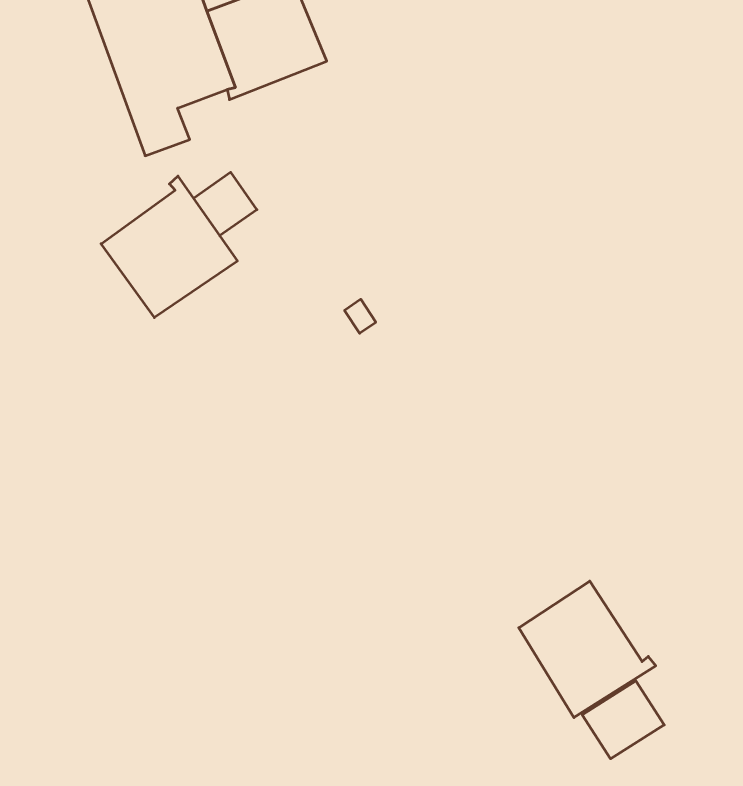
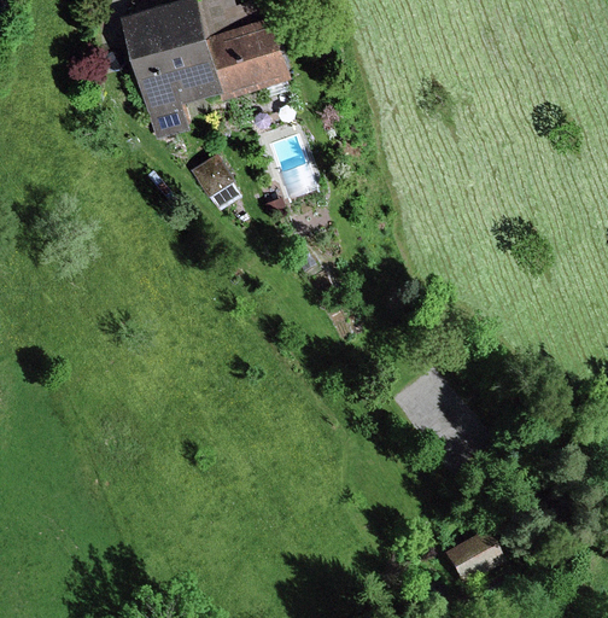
building: [101,176,237,318] -> none
building: [519,581,656,718] -> none

